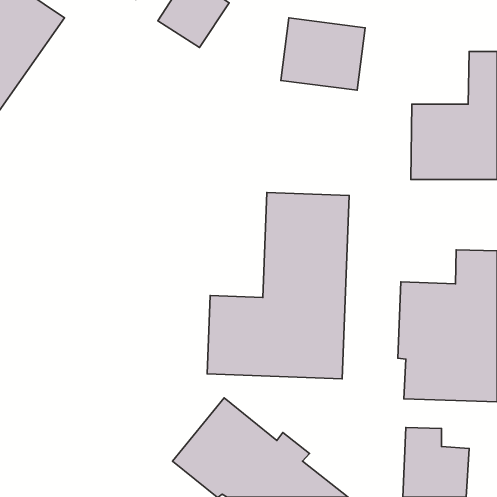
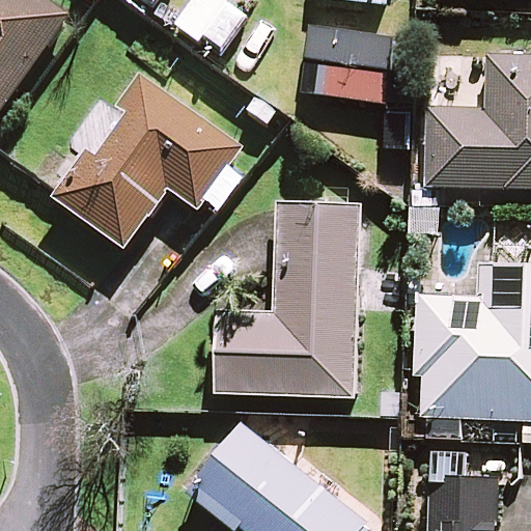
building: none -> [49,78,241,254]

